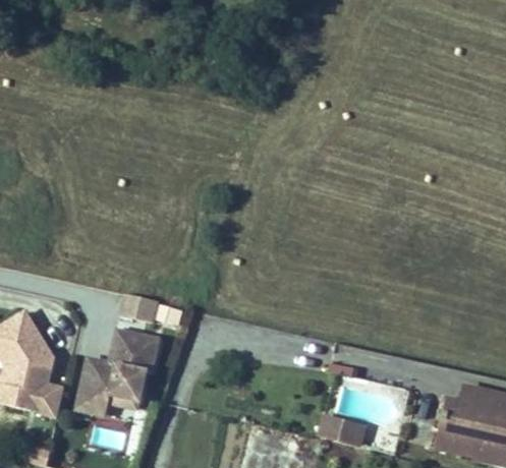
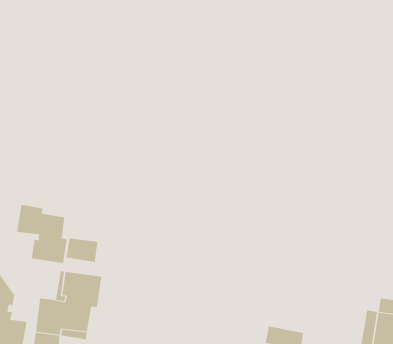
building: none -> [16,204,67,264]

